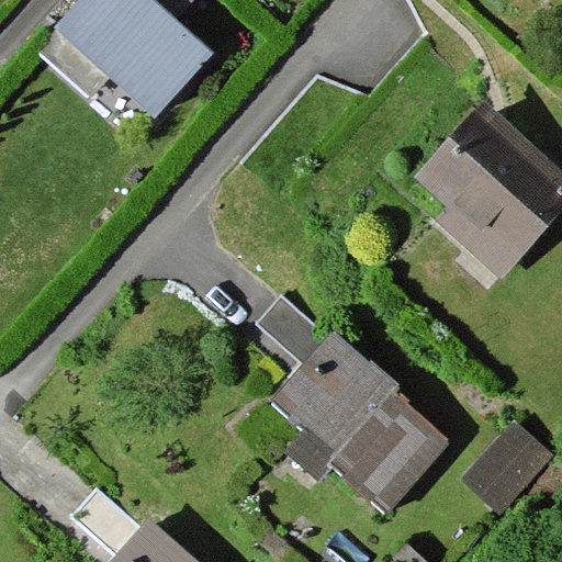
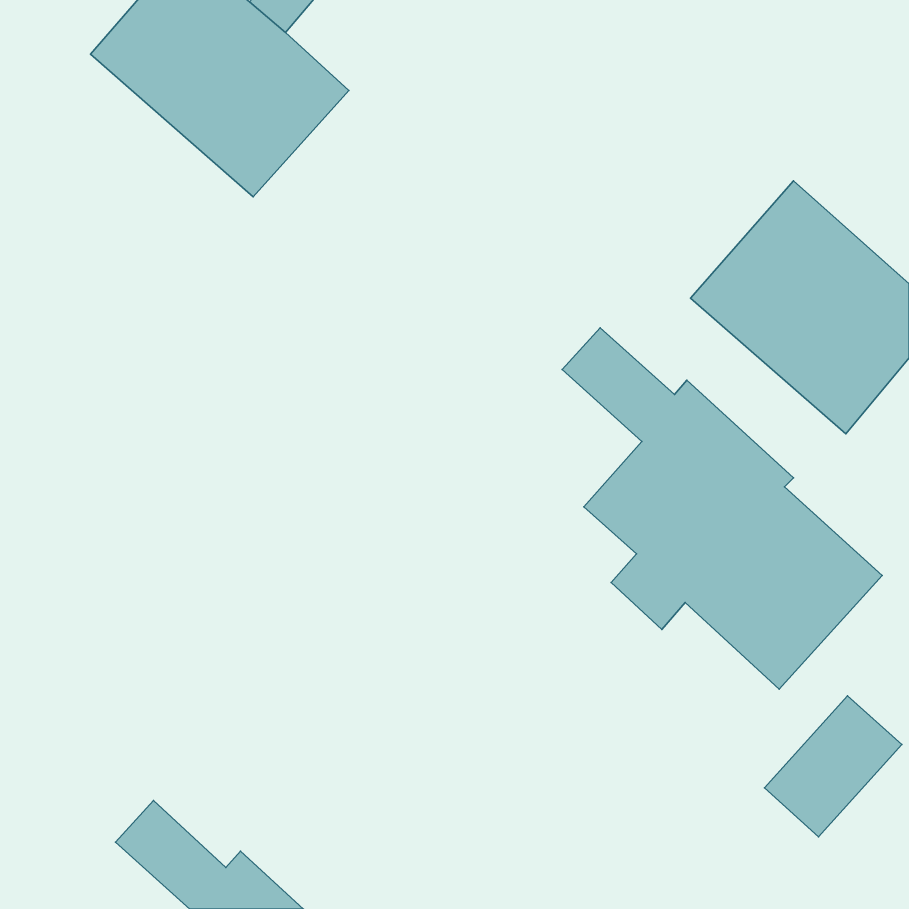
building: [255,295,449,515] -> [562,328,882,689]

